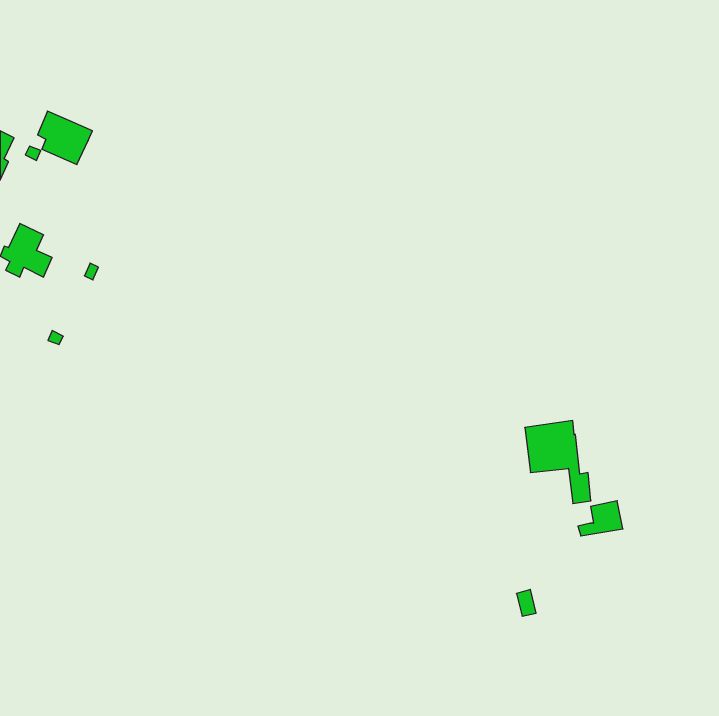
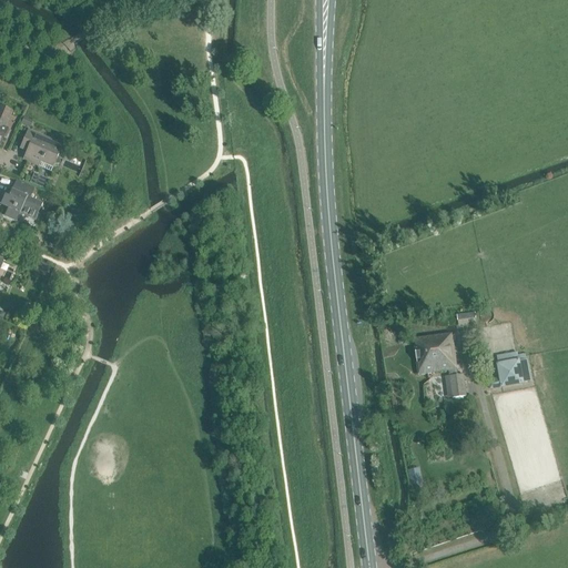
building: [38,111,92,165] -> [19,128,62,170]
building: [578,501,623,536] -> [488,359,524,387]

